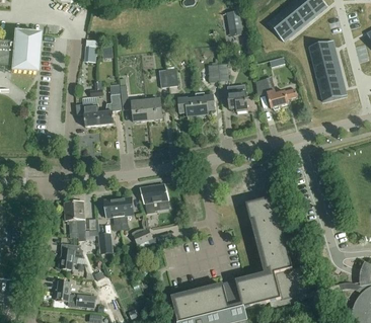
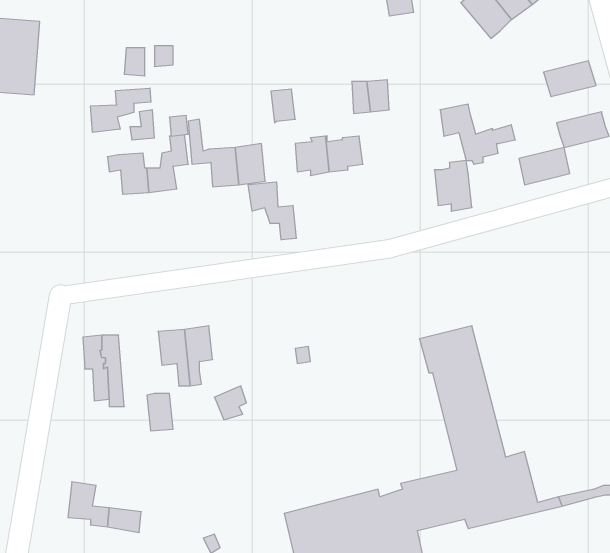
building: [308,39,336,60] -> none
building: [315,67,343,87] -> [519,147,570,185]
building: none -> [91,88,151,132]
building: [226,84,246,111] -> [434,161,472,211]
building: none -> [248,182,296,240]
building: [139,183,168,213] -> none
building: [59,244,83,269] -> none

